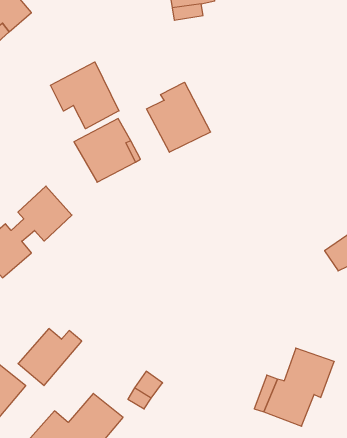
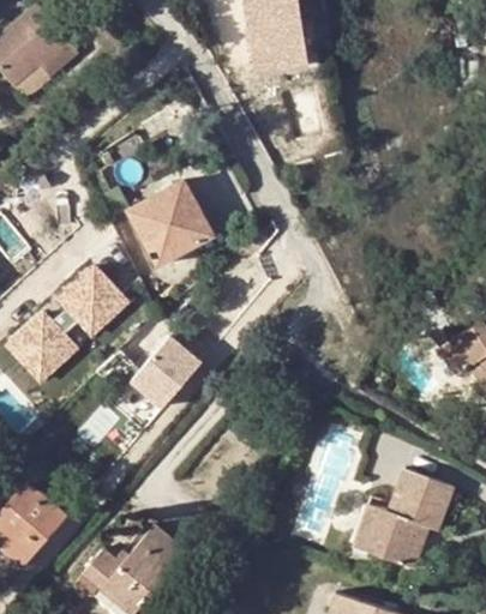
building: [50,62,119,129] -> none
building: [147,82,211,152] -> none
building: [18,329,82,386] -> [130,336,209,407]

